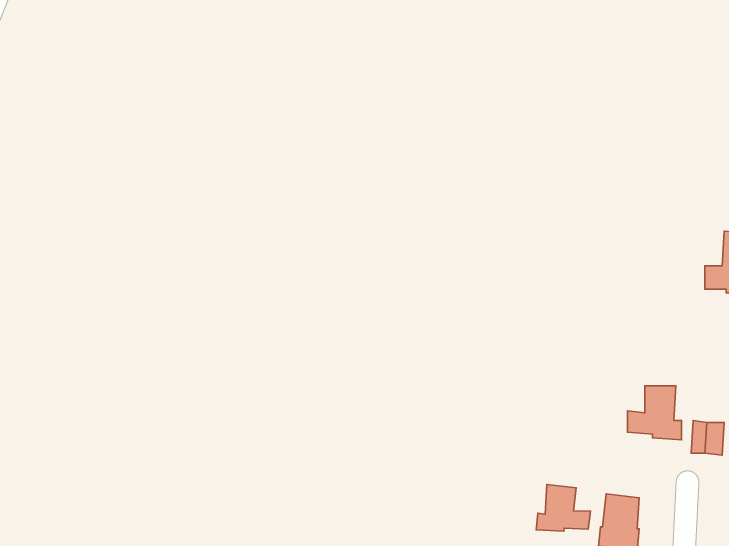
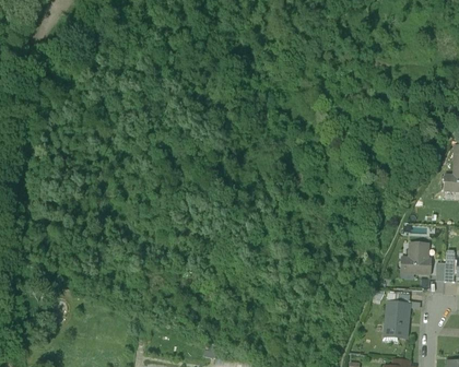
building: [536,484,590,531] -> none

